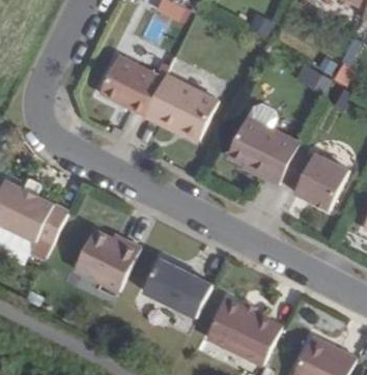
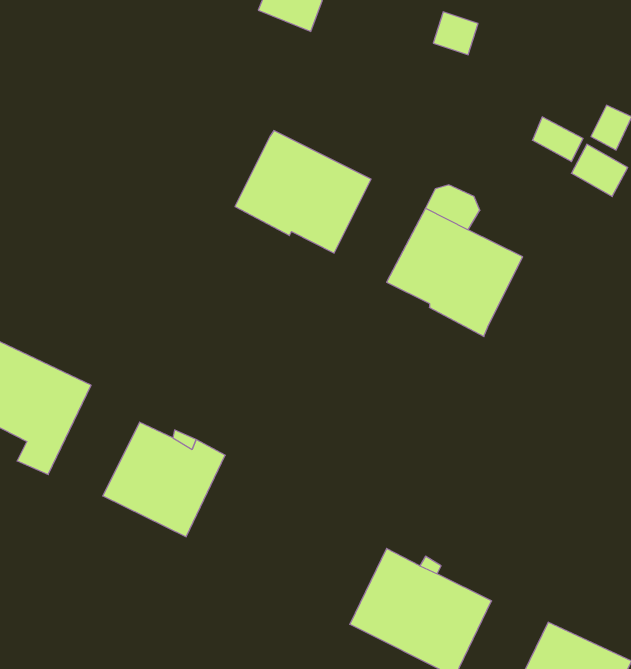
building: [97,54,163,115] -> none
building: [279,148,348,209] -> none
building: [141,258,211,318] -> none

